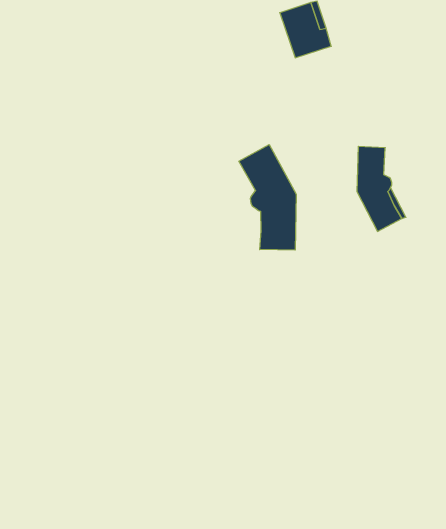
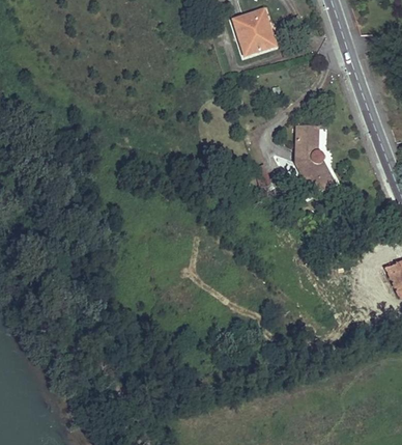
building: [239,145,296,250] -> none

